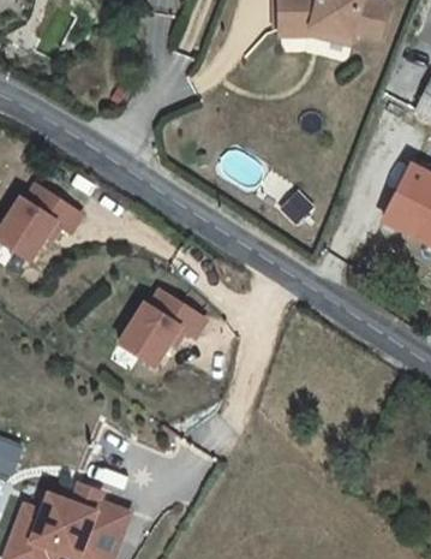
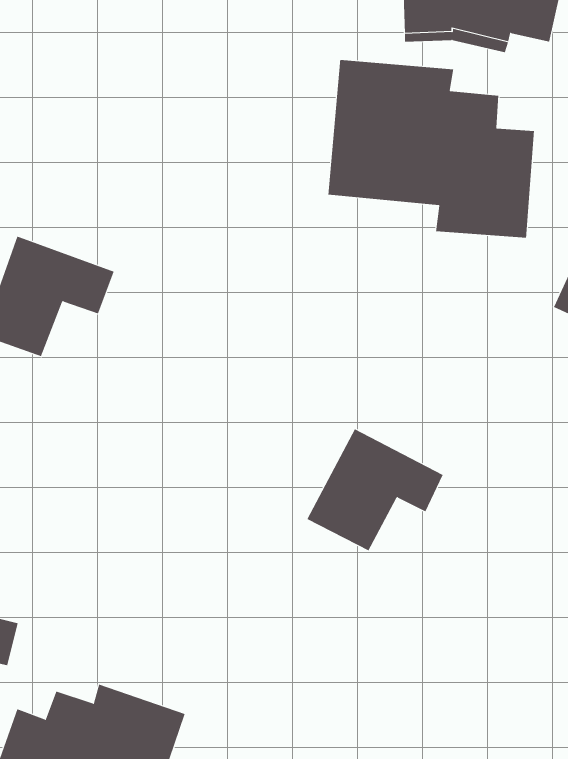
building: none -> [328,59,534,239]
building: [119,276,211,359] -> [307,429,443,551]

